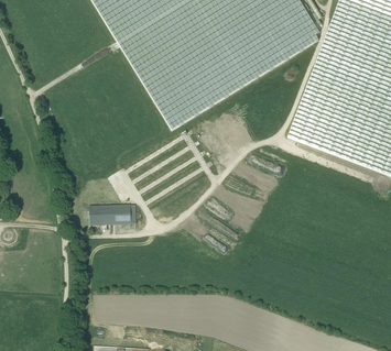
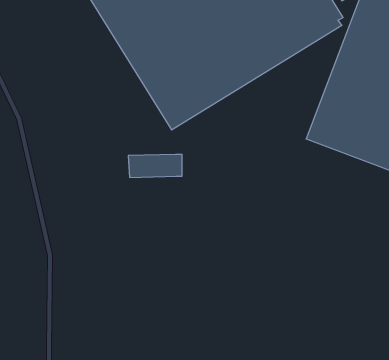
building: [89,204,135,223] -> [128,154,182,177]

